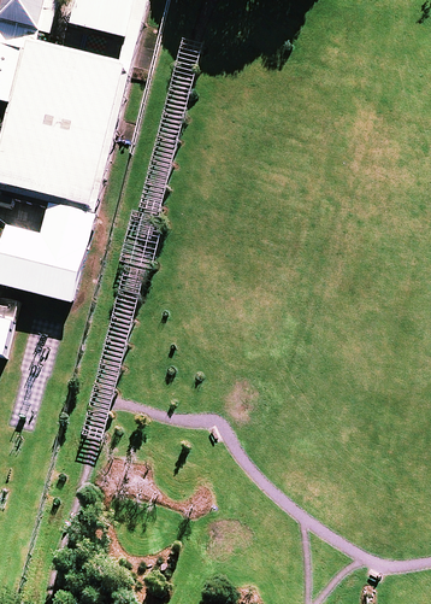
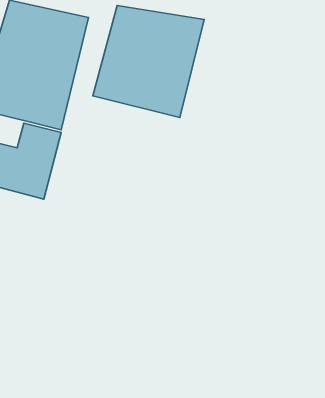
building: none -> [93,5,204,117]

